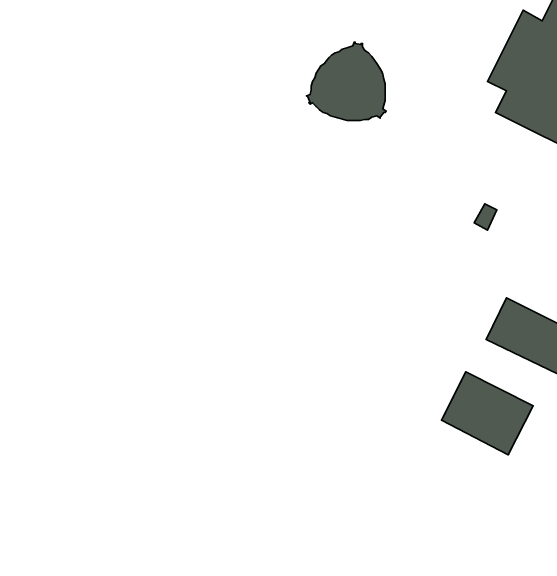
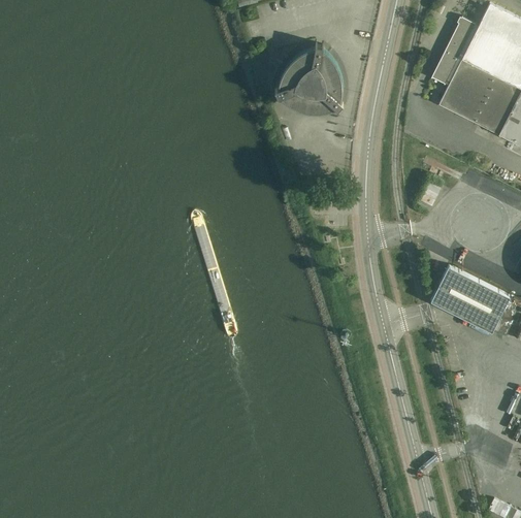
building: [442,372,533,455] -> none

